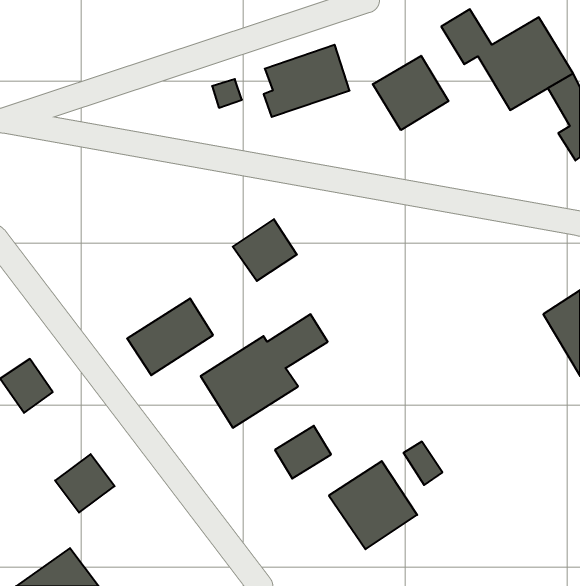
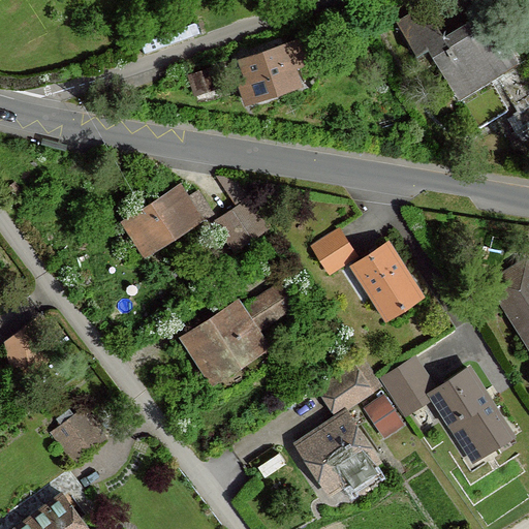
building: [373,56,448,130] -> none
building: none -> [311,230,355,275]
building: none -> [352,245,422,321]
building: [127,298,213,375] -> [122,188,199,257]
building: none -> [381,359,512,463]
building: [275,426,331,479] -> [317,368,368,415]

